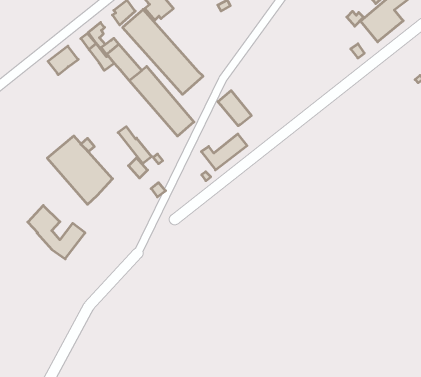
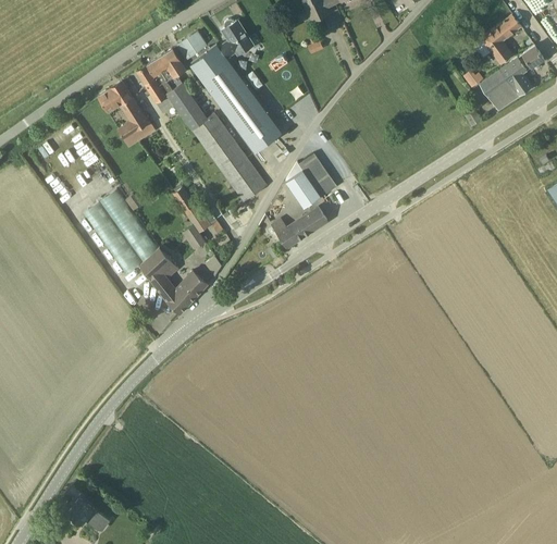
building: none -> [160,49,186,82]
building: none -> [115,97,156,149]
building: none -> [285,162,319,207]
building: [28,205,85,259] -> [139,246,208,313]

